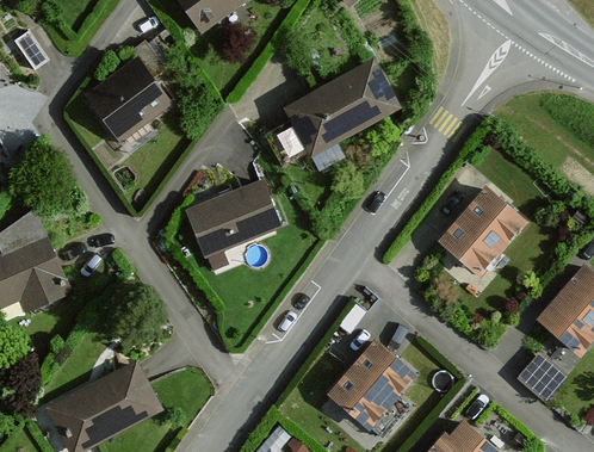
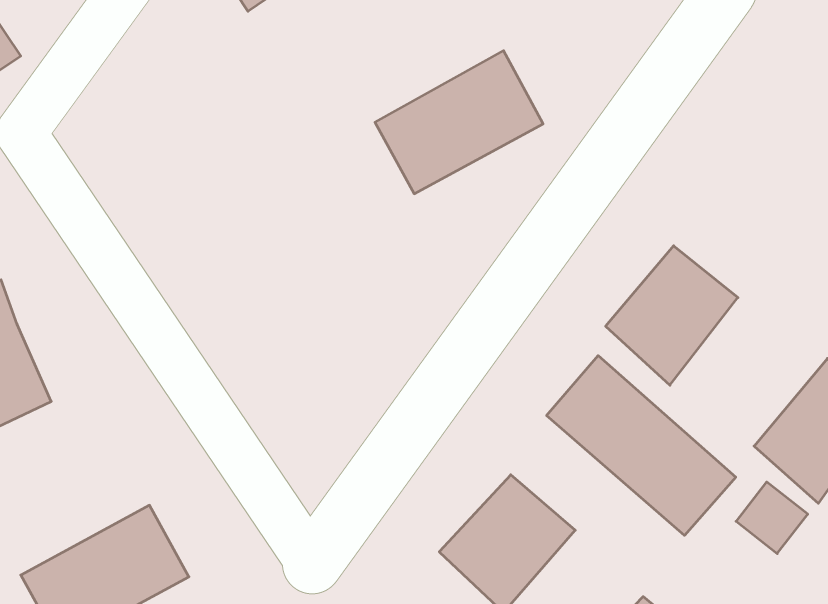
building: [85,56,172,141] -> none
building: [187,180,278,271] -> none
building: none -> [547,356,736,535]

